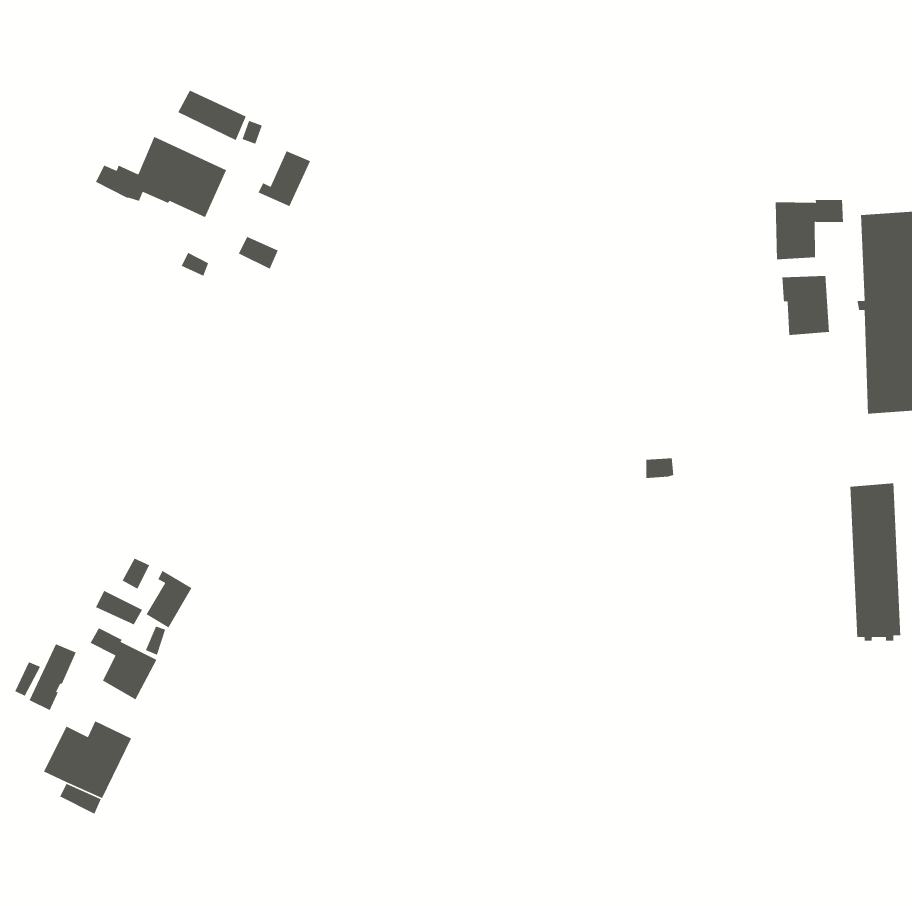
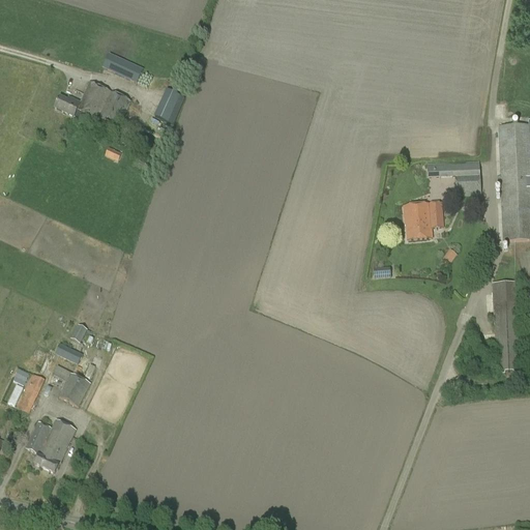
building: [775,199,844,260] -> none
building: none -> [404,201,444,238]
building: [146,570,192,629] -> none

